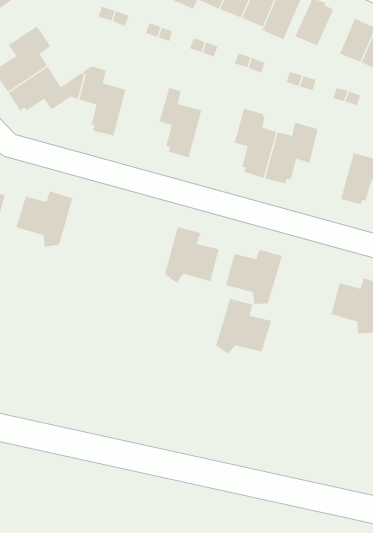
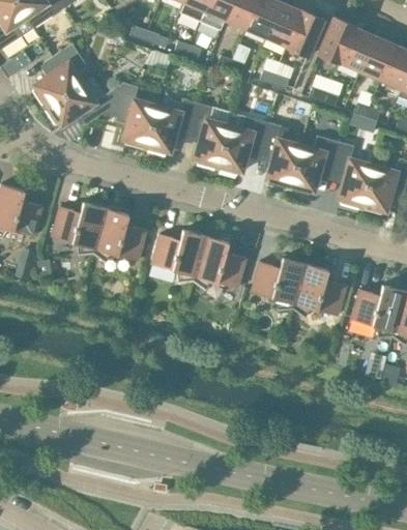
building: none -> [340,28,374,70]
building: none -> [145,98,197,155]
building: none -> [216,115,268,175]
building: none -> [331,142,373,209]
building: none -> [93,208,146,262]
building: none -> [151,229,205,282]
building: [215,298,272,354] -> [292,263,346,317]

